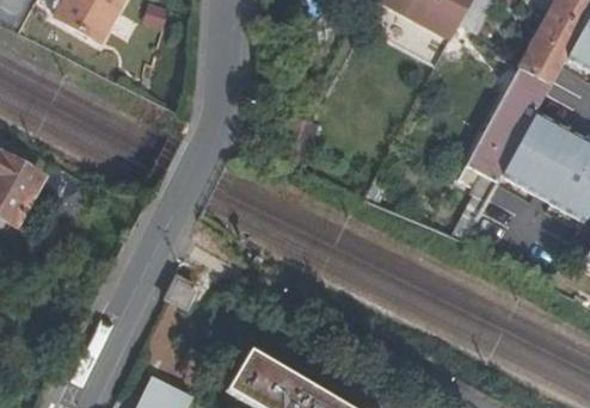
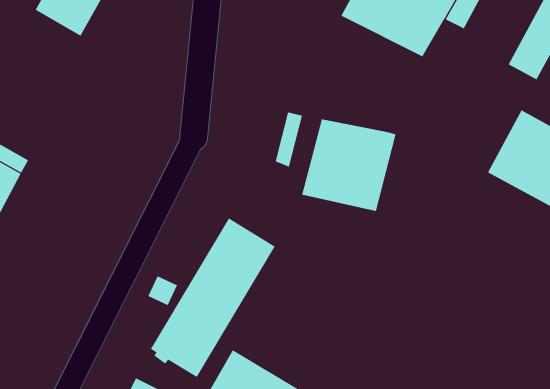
building: [460,68,549,193] -> none
building: none -> [302,119,396,212]
building: none -> [150,218,275,378]

